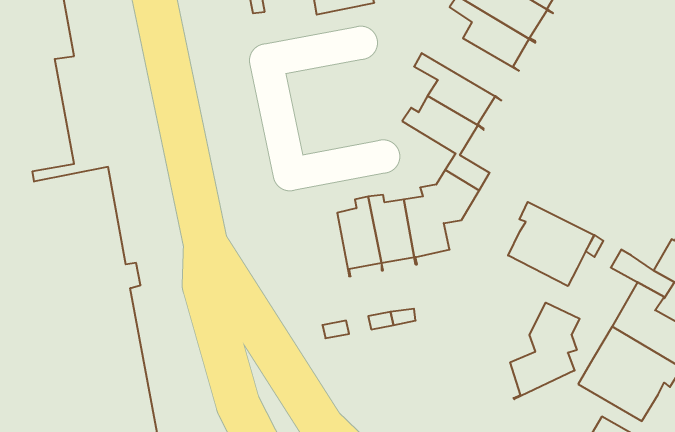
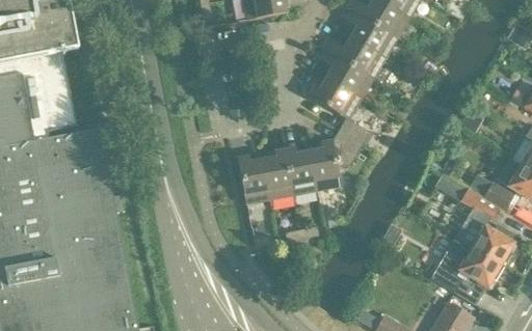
building: none -> [321,36,390,80]
building: [508,202,594,286] -> none
building: none -> [237,155,270,203]
building: [510,303,580,399] -> none

